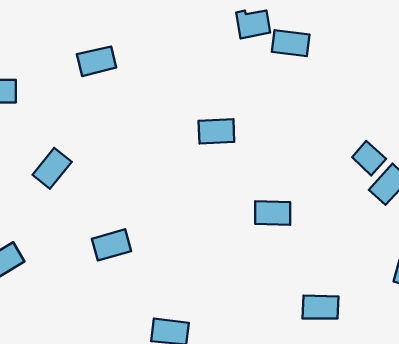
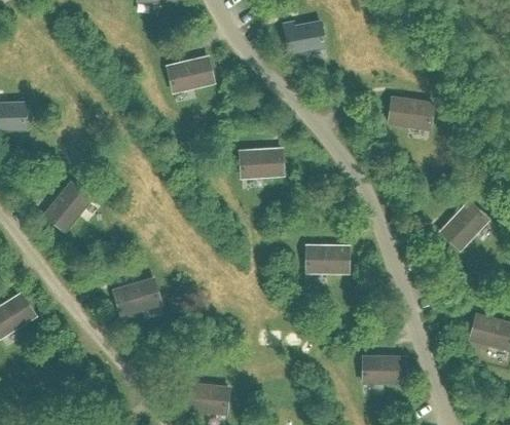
building: [272,30,310,56] -> [388,98,432,128]
building: [77,46,116,76] -> [167,57,213,92]
building: [352,141,386,176] -> none

